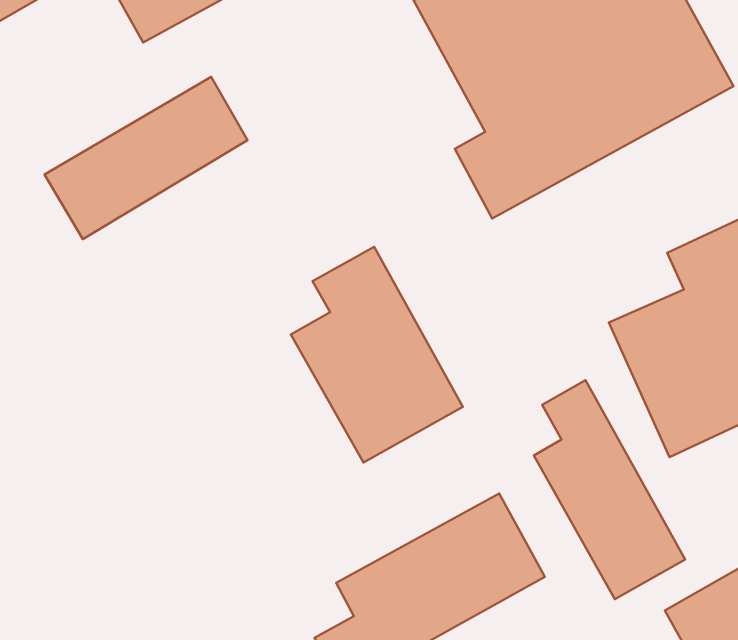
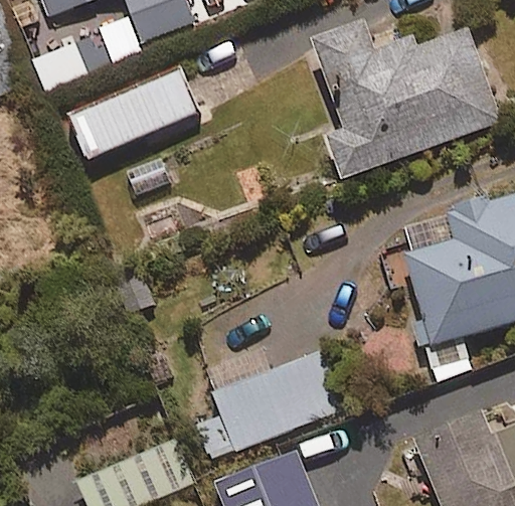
building: [291,247,463,462] -> none
building: [534,380,685,599] -> none

